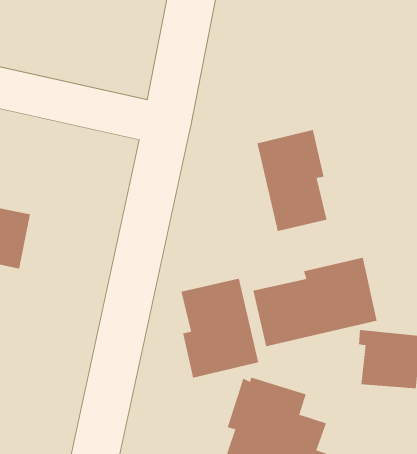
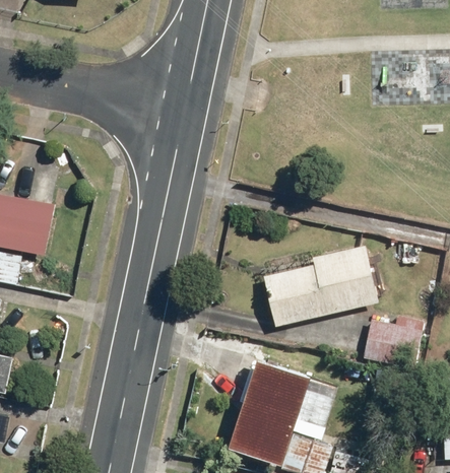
building: [257,129,327,232] -> none
building: [181,278,259,378] -> none

